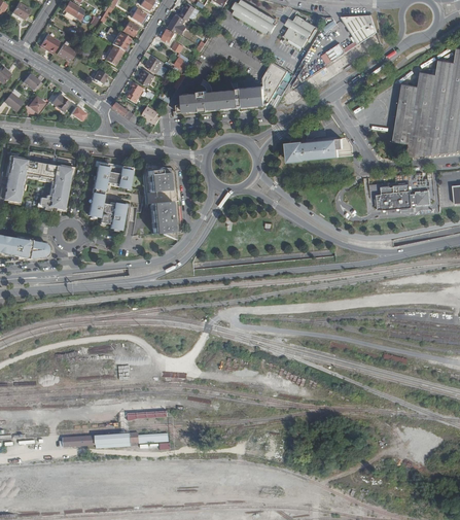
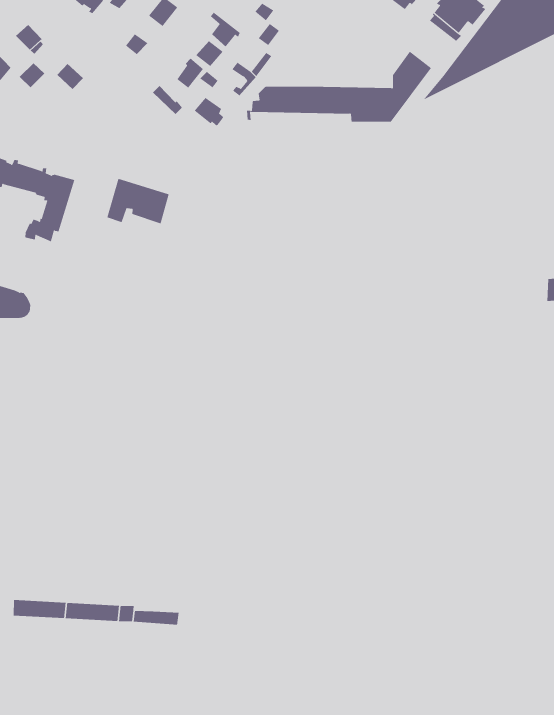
building: [285,138,342,161] -> none
building: [146,168,180,234] -> none
building: [87,193,125,229] -> none

